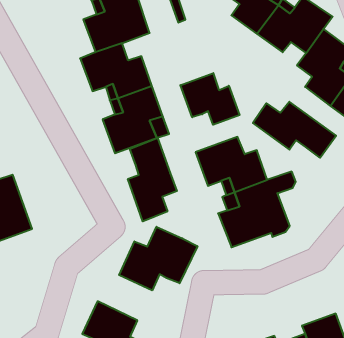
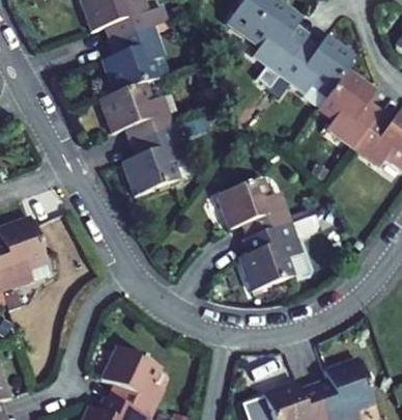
building: [180,73,240,125] -> none
building: [253,102,336,158] -> none
building: [128,138,177,221] -> none
building: [119,227,197,290] -> none

